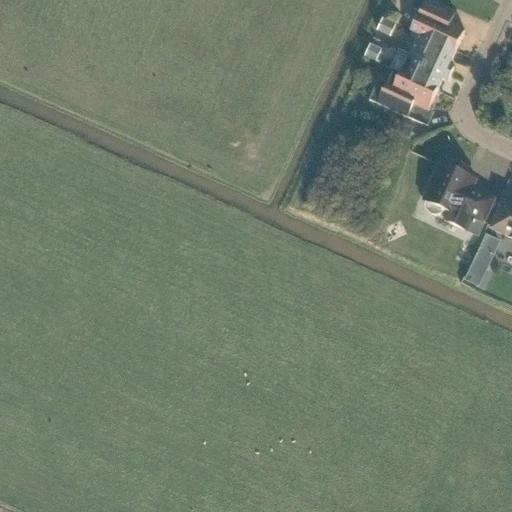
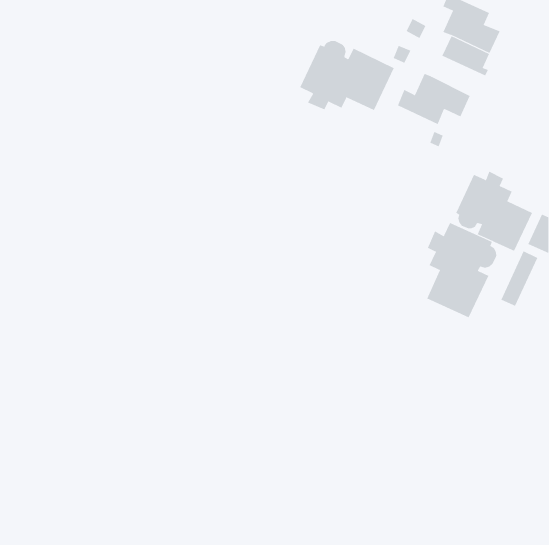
building: none -> [300,40,395,111]
building: [401,52,451,89] -> none
building: none -> [426,222,497,318]

